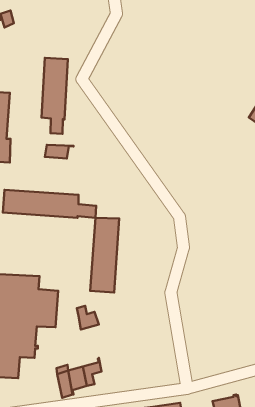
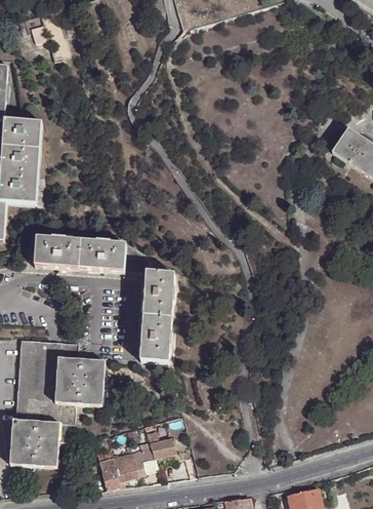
building: [41,58,68,134] -> none
building: [45,145,74,158] -> none
building: [77,306,99,330] -> [148,428,174,457]

